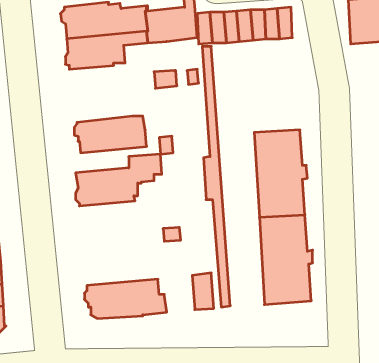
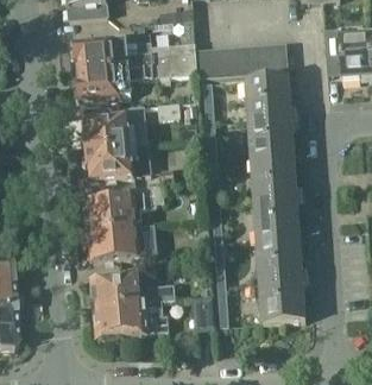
building: none -> [247,77,297,160]
building: none -> [81,106,147,151]
building: none -> [87,225,163,260]
building: none -> [90,274,169,304]

